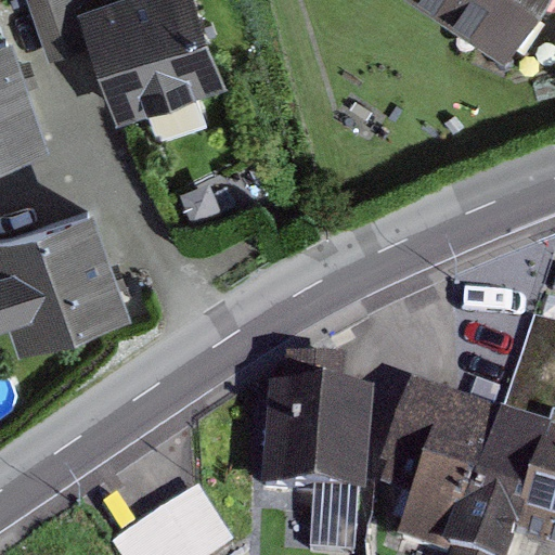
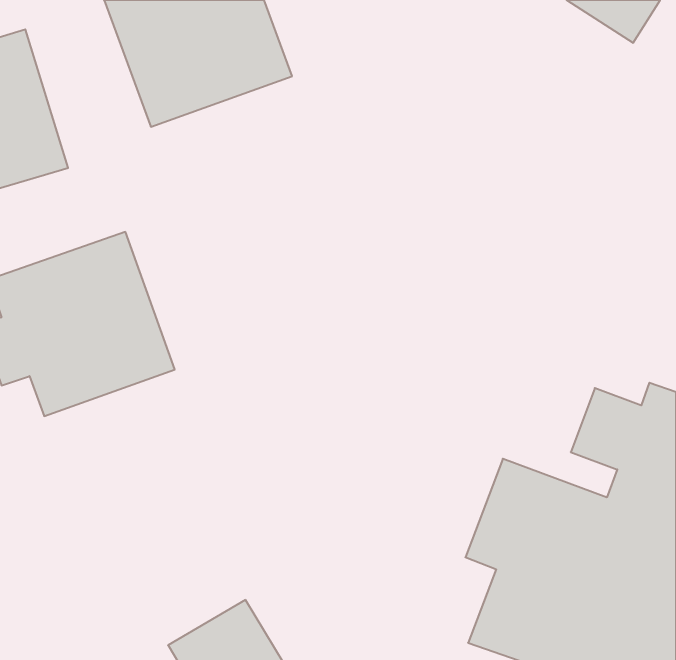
building: [260,386,370,517] -> none

